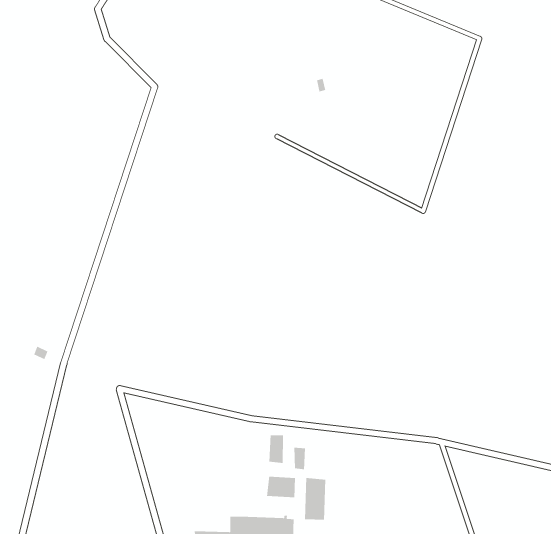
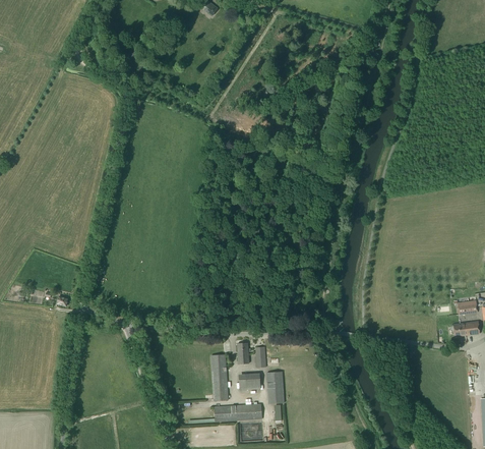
building: none -> [210,354,228,400]

